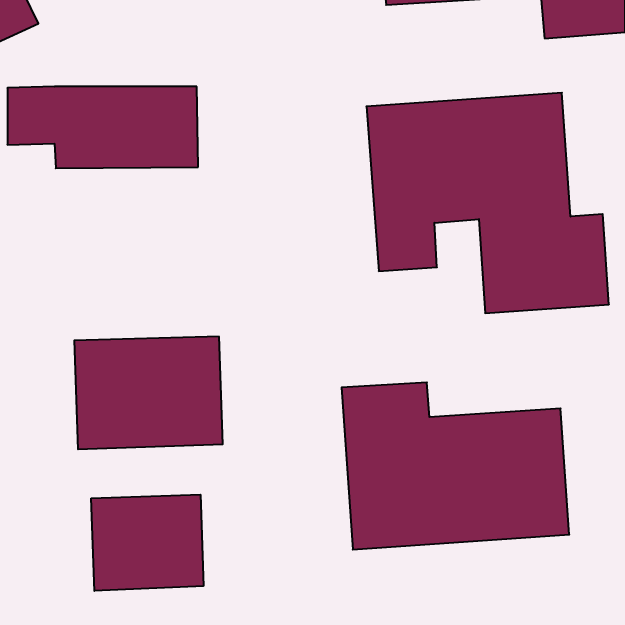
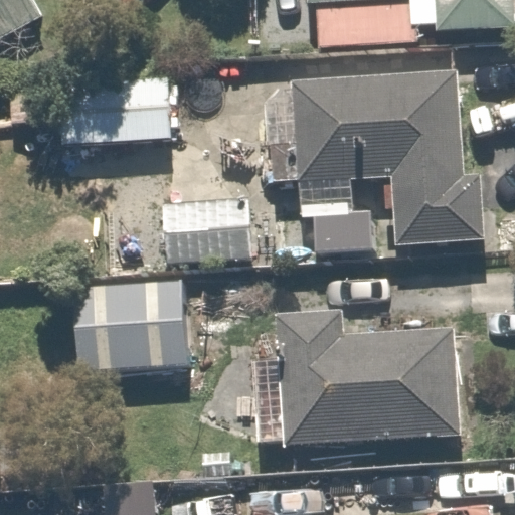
building: none -> [159,187,242,266]
building: [91,495,203,591] -> none

